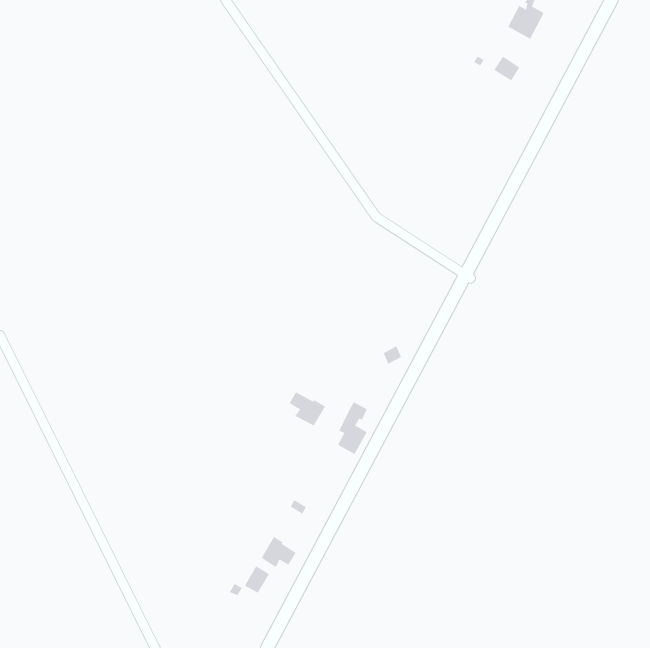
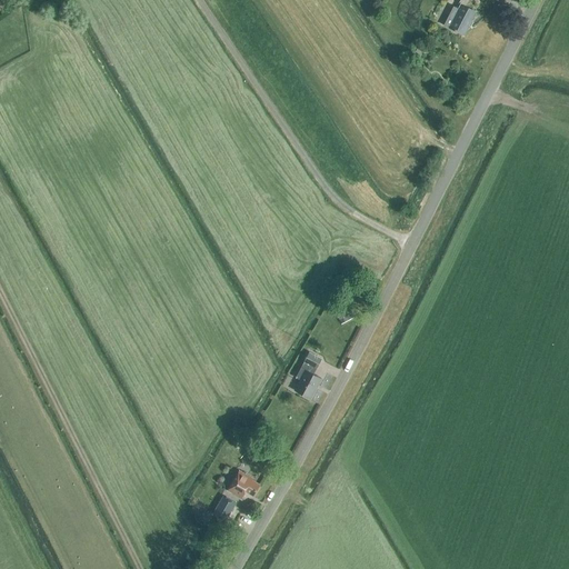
building: [289,392,326,426] -> none

